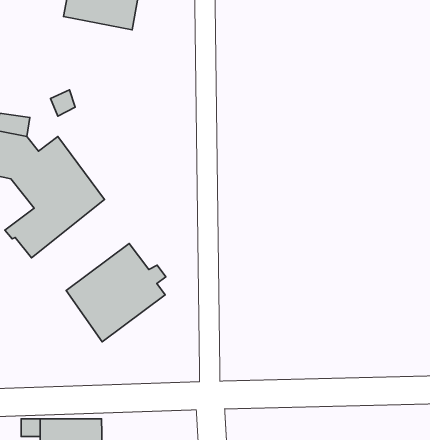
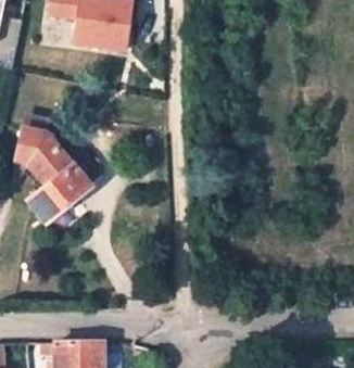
building: [66,243,166,342] -> none

